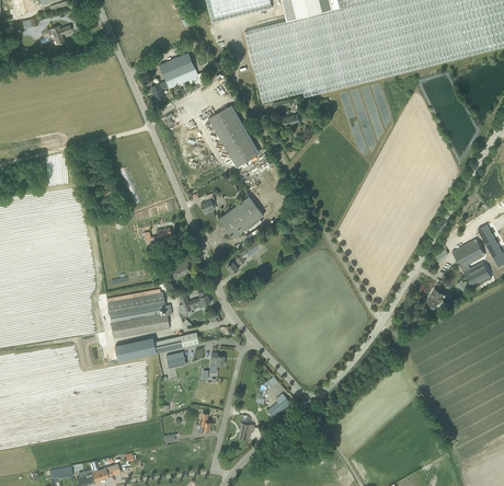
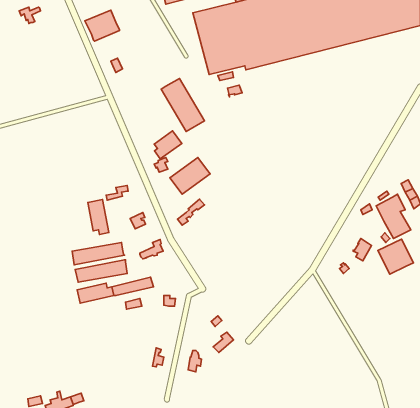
building: [159,53,198,88] -> [85,10,119,41]
building: none -> [154,131,182,159]
building: none -> [88,199,109,234]
building: none -> [378,239,413,274]

